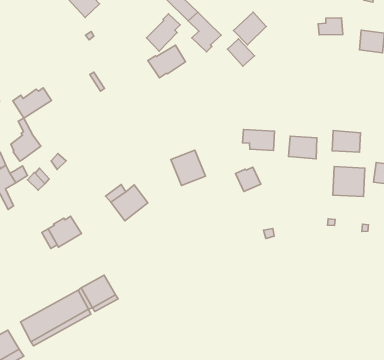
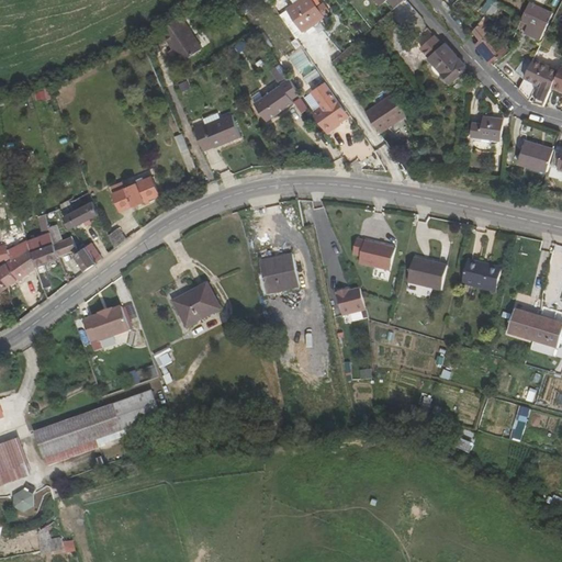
building: [228,39,254,66] -> none
building: [148,45,186,78] -> [192,113,239,150]
building: [13,88,51,118] -> [110,176,158,210]
building: [333,167,365,197] -> none

